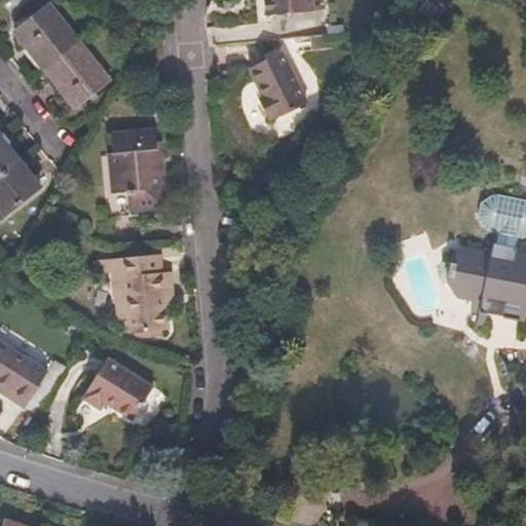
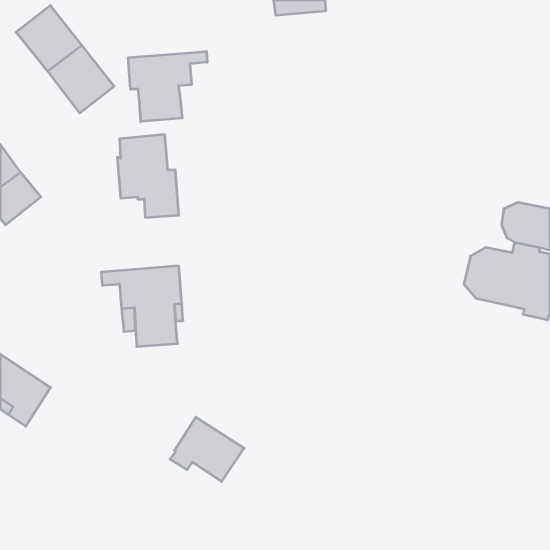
building: none -> [128,51,207,122]
building: [243,52,303,119] -> none
building: [83,356,154,418] -> [170,417,244,482]

